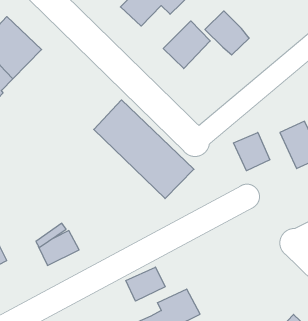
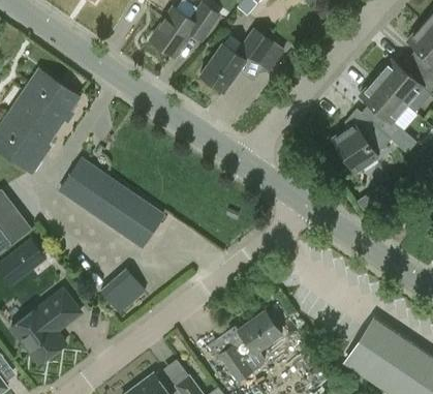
building: [94,100,194,199] -> [58,157,164,248]
building: [233,132,270,171] -> none
building: [126,267,165,301] -> none

